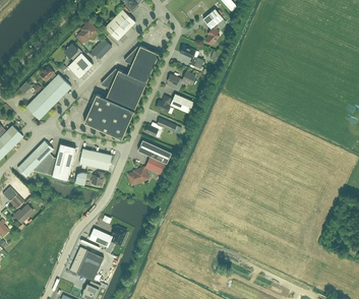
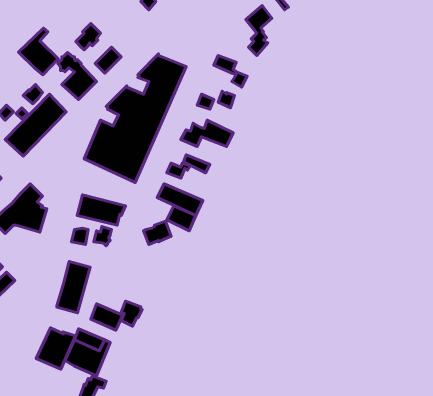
building: [105,9,135,41] -> none
building: none -> [19,28,58,75]
building: [52,143,76,181] -> [57,262,90,313]
building: none -> [36,328,75,369]

